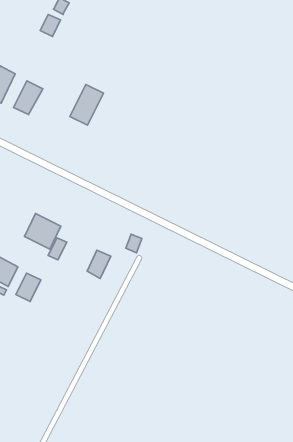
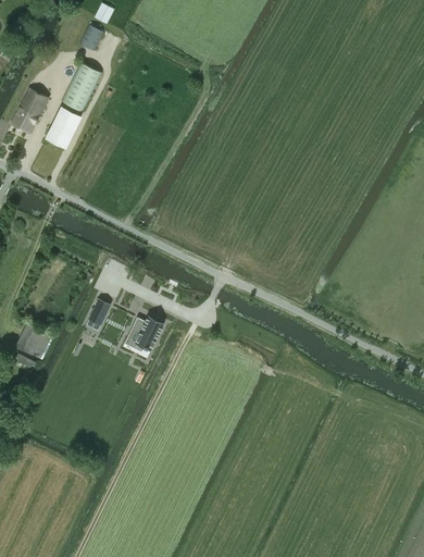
building: [70,84,104,125] -> [60,63,101,113]
building: [25,213,61,249] -> none
building: [16,273,41,301] -> none

